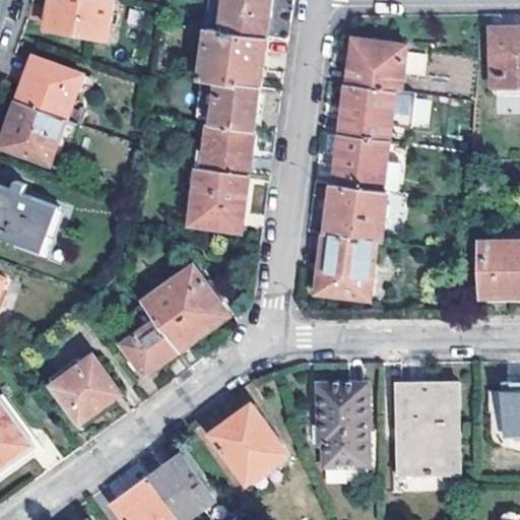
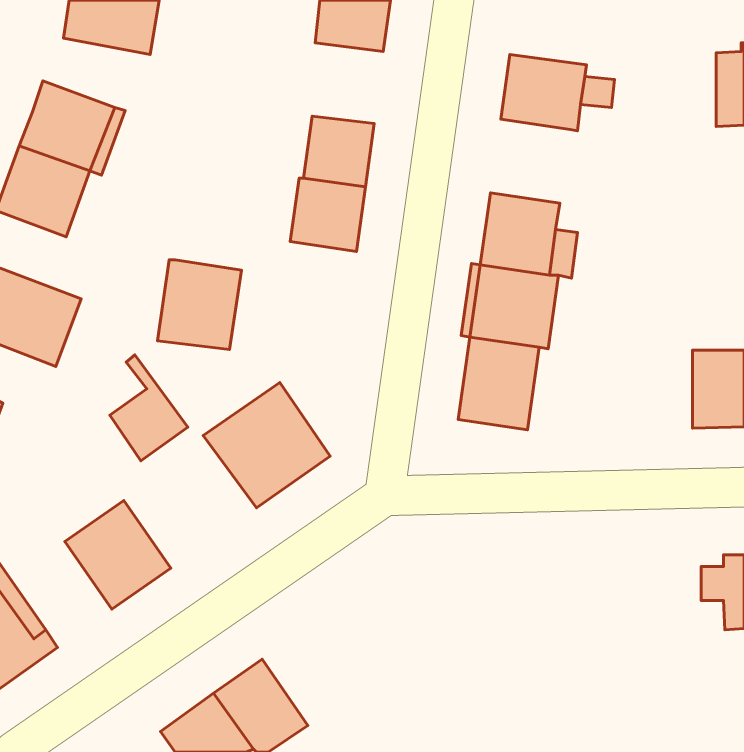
building: [197,27,264,85] -> none
building: [338,82,393,140] -> none
building: [188,167,246,229] -> [157,260,241,350]
building: [123,301,177,374] -> [110,355,188,461]
building: [394,383,455,476] -> none
building: [316,384,363,465] -> none
building: [210,405,286,483] -> none

